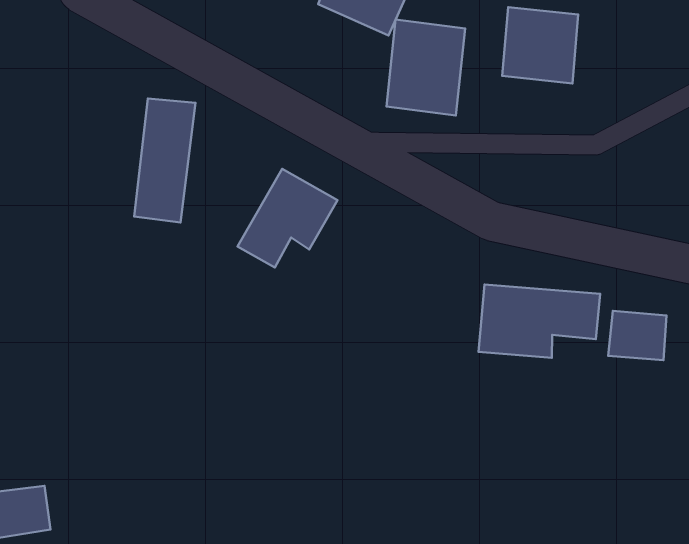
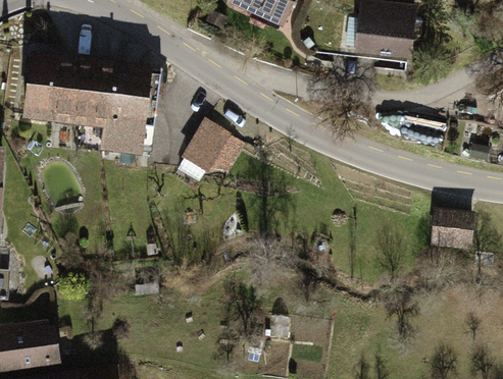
building: [386,20,465,116] -> none
building: none -> [27,57,119,148]
building: [479,285,600,358] -> none

